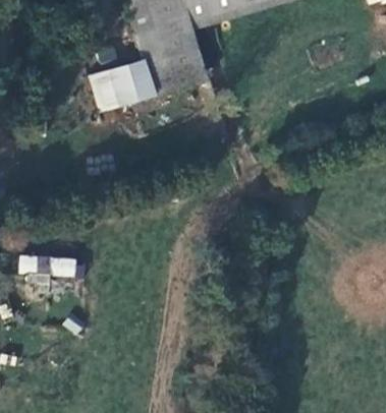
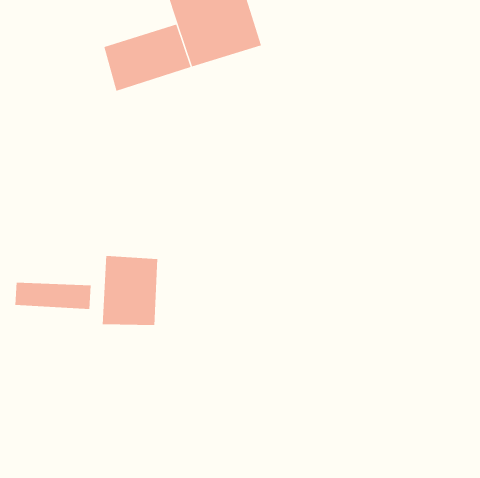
building: none -> [102,255,158,326]

